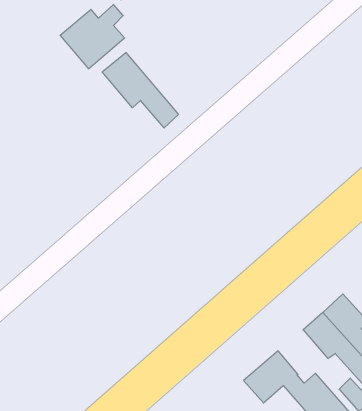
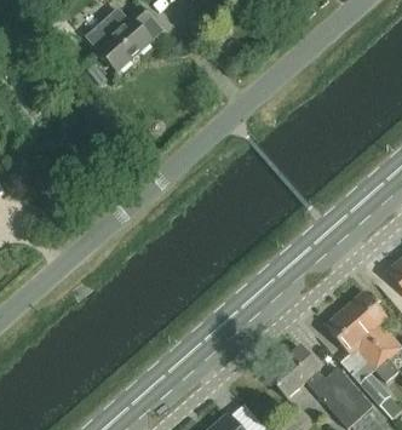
building: [102,53,179,128] -> none

